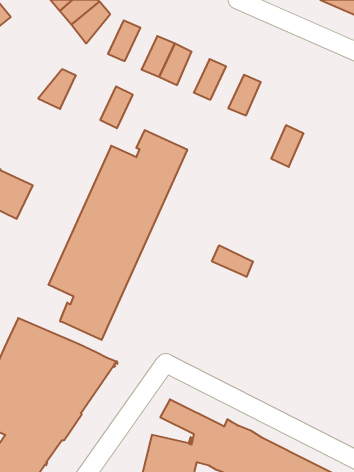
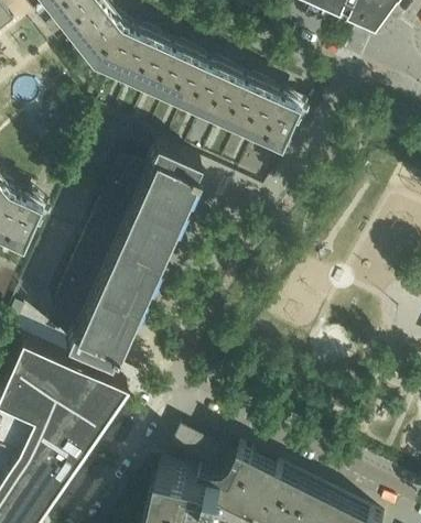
building: none -> [191,67,225,110]
building: none -> [226,83,261,127]
building: [38,69,76,109] -> [95,28,134,69]
building: [100,86,133,128] -> [136,42,170,86]
building: [271,125,304,167] -> [263,99,298,143]
building: [212,245,253,277] -> none

